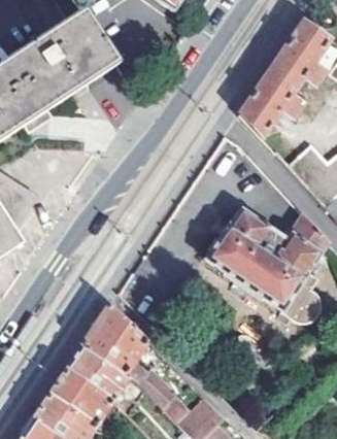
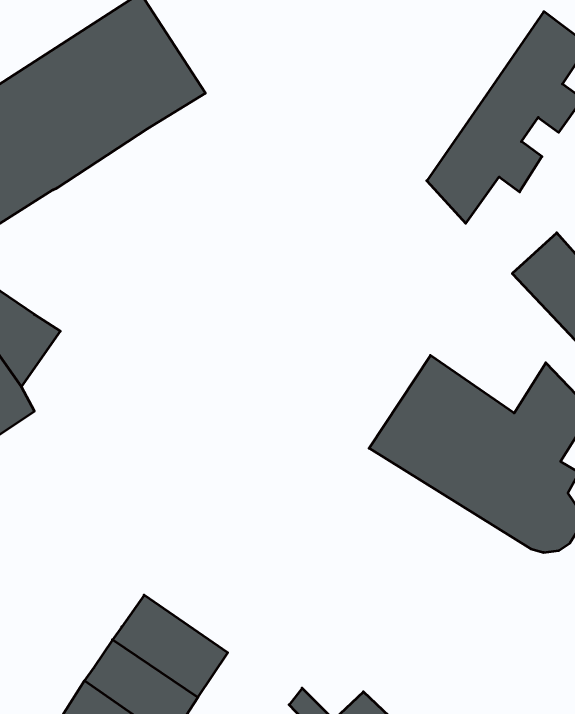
building: [82,303,170,404] -> none

